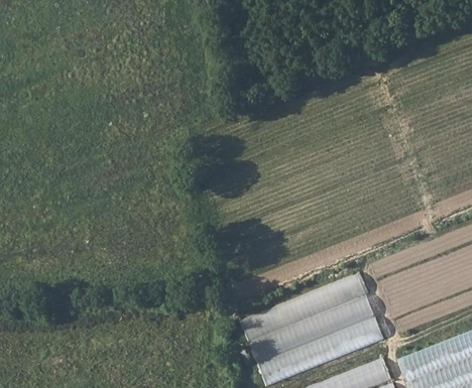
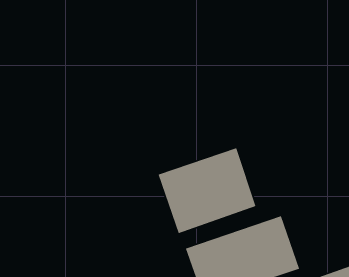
building: none -> [158,147,257,234]

